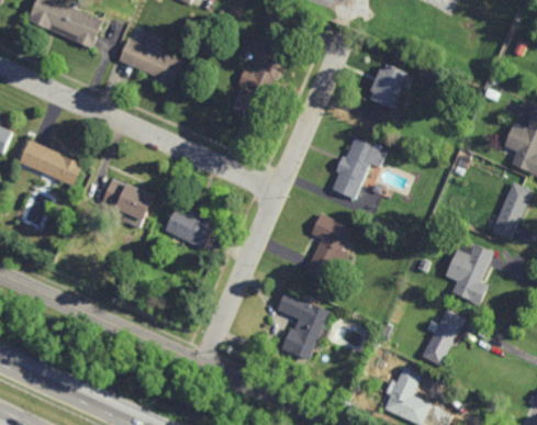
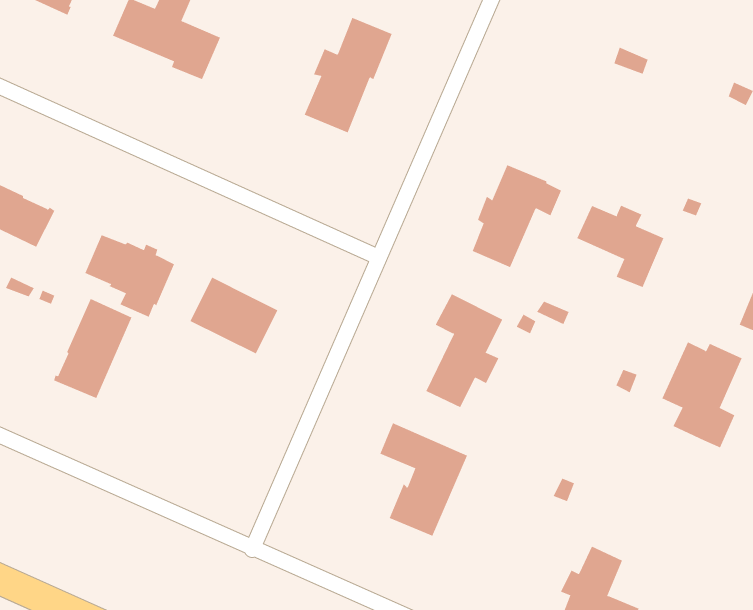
building: [369,64,407,109] -> none
building: none -> [577,205,664,288]
building: none -> [54,298,132,399]
building: [422,309,465,365] -> none

